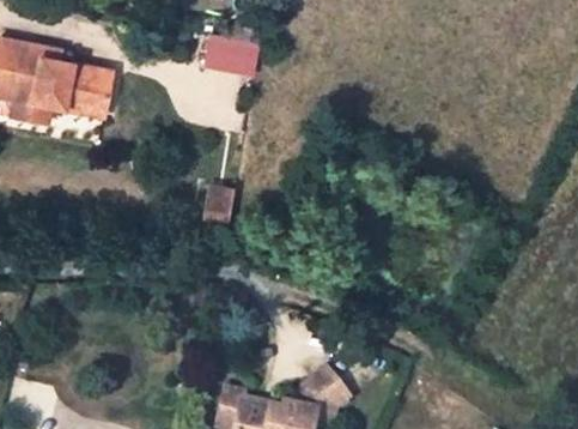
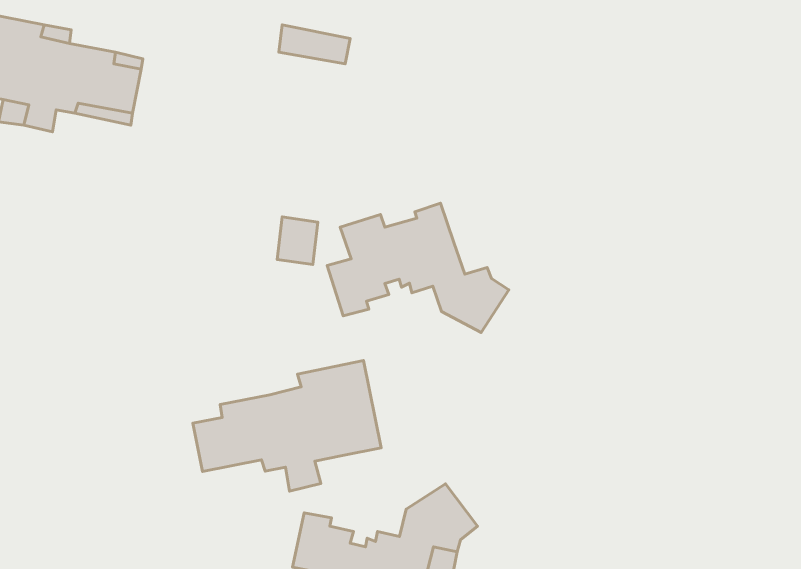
building: none -> [327,203,509,333]
building: none -> [193,360,381,491]

